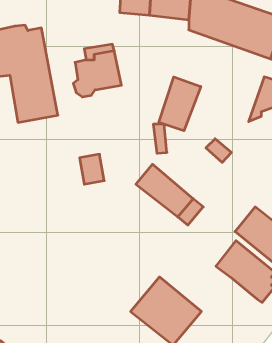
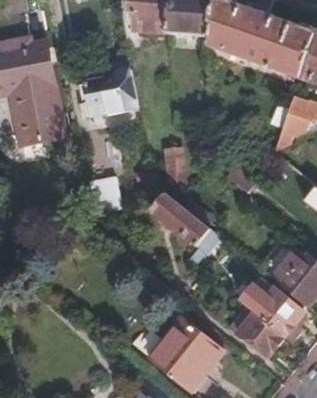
building: [159,77,201,131] -> none
building: none -> [240,318,284,360]

